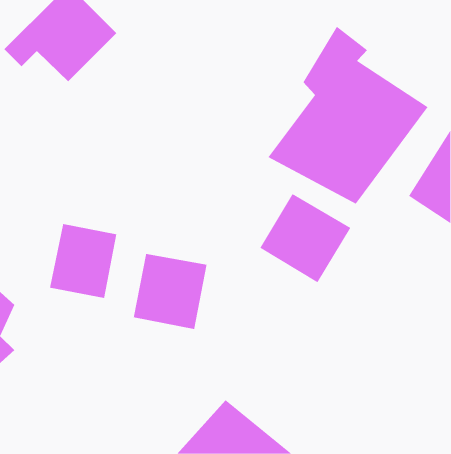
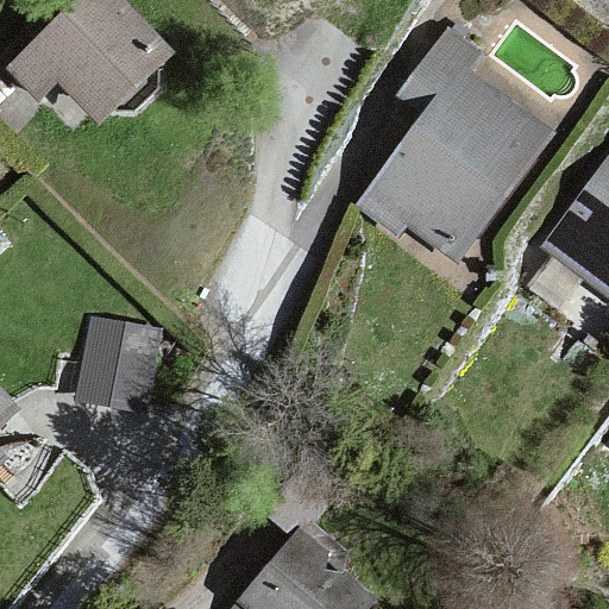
building: [259,193,351,283] -> none
building: [133,253,207,330] -> none

